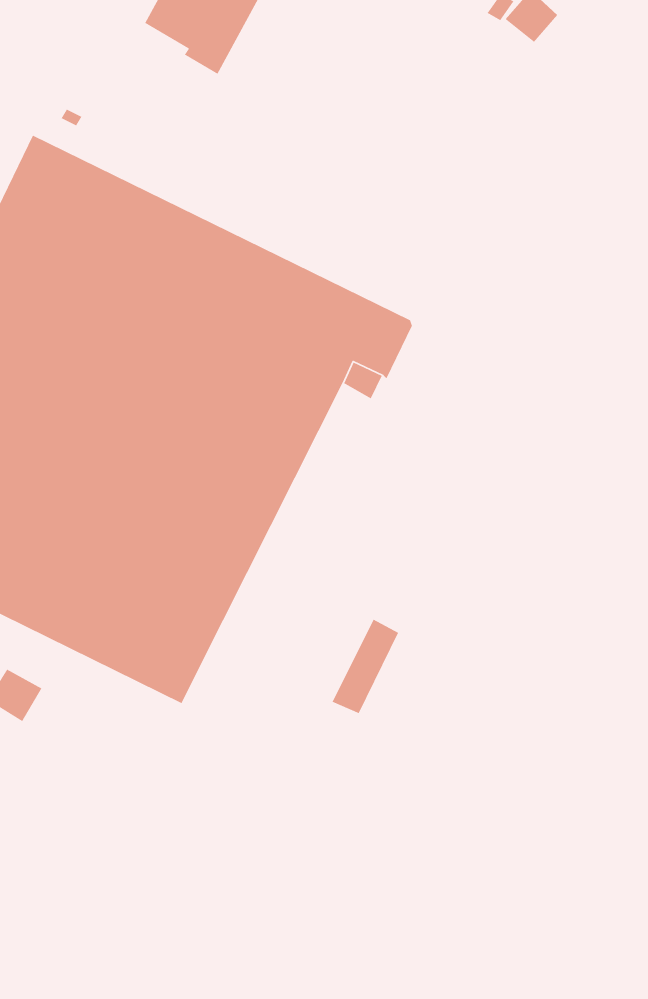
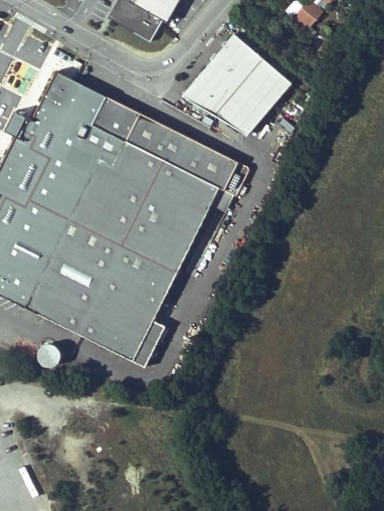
building: none -> [182,33,291,135]
building: [331,619,399,714] -> [132,318,166,366]

